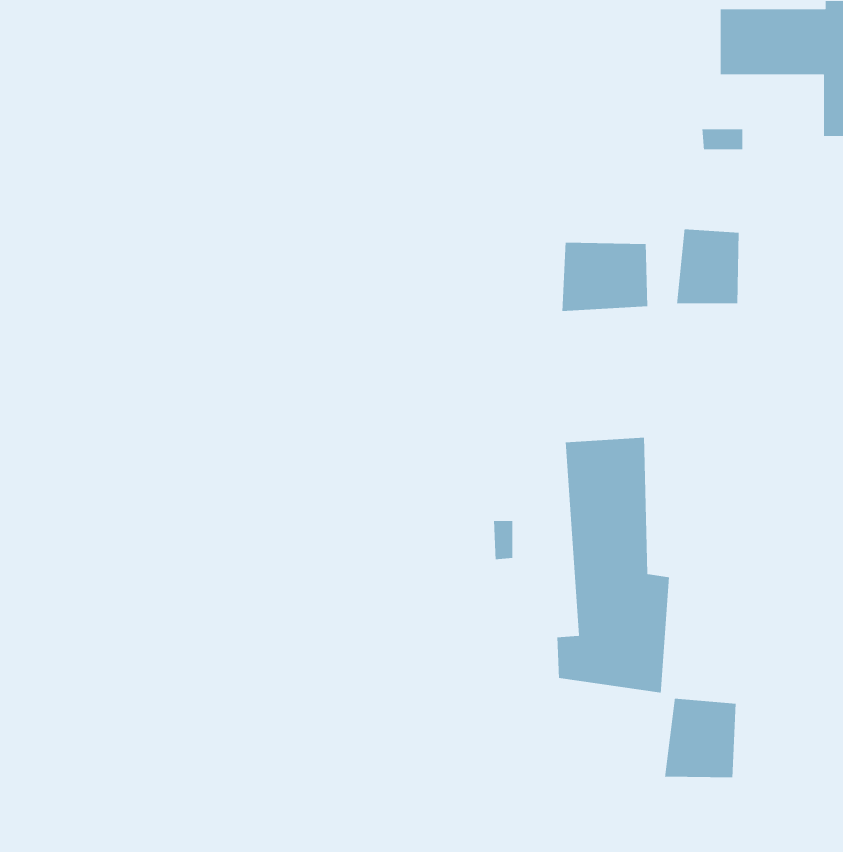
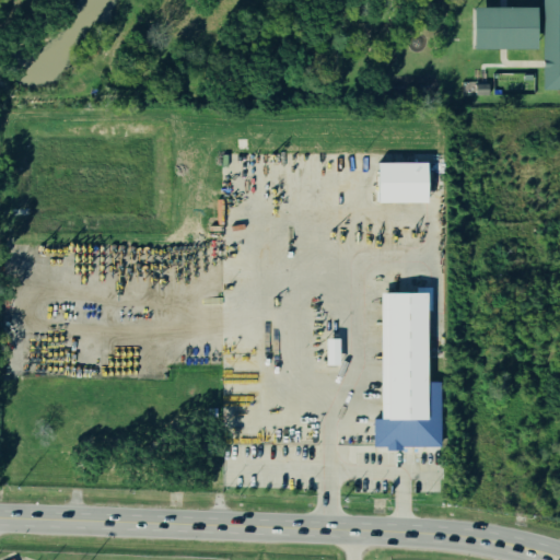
building: [676,229,739,304] -> none
building: [664,698,736,778] -> none

